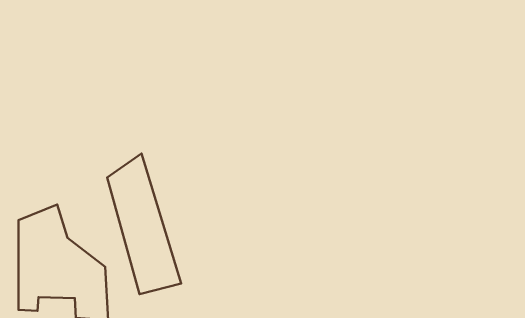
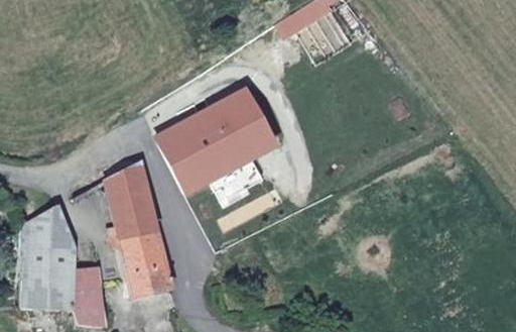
building: none -> [154,86,279,196]

